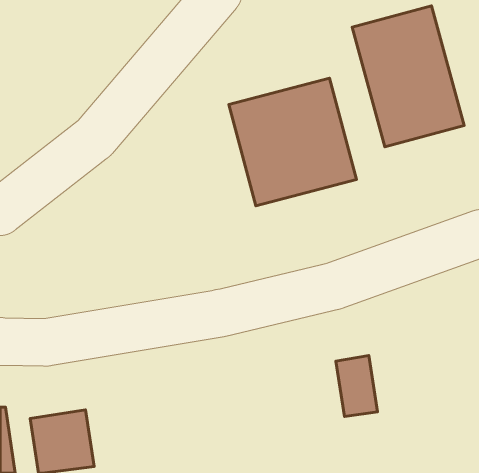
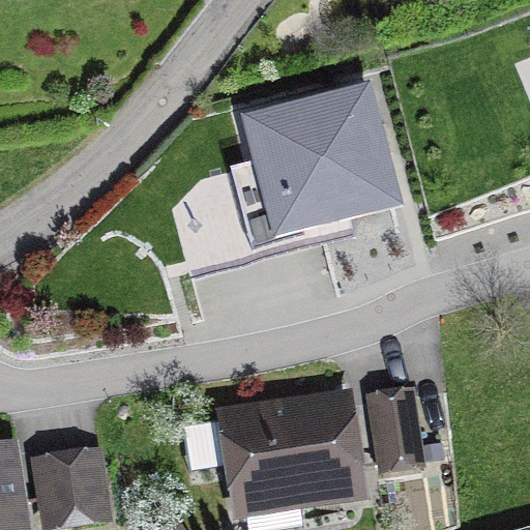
building: [352,6,464,147] -> none
building: none -> [228,399,354,505]

